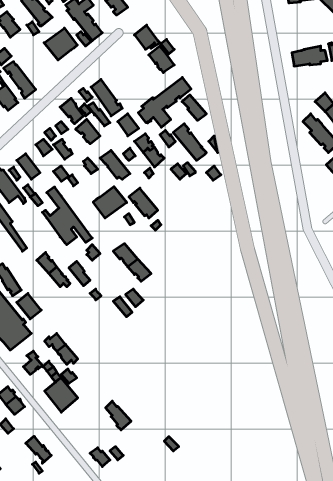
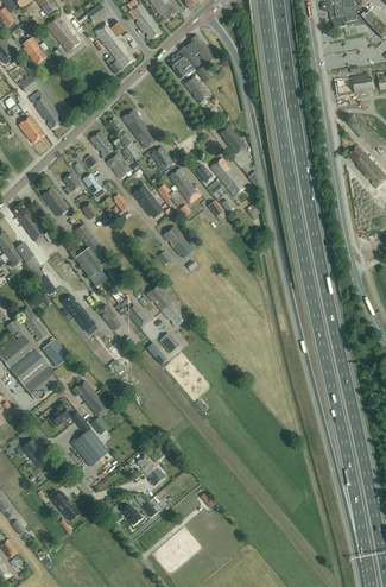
building: none -> [179,34,215,68]
building: [44,28,77,60] -> none
building: [138,77,191,127] -> none
building: [93,187,127,218] -> none

